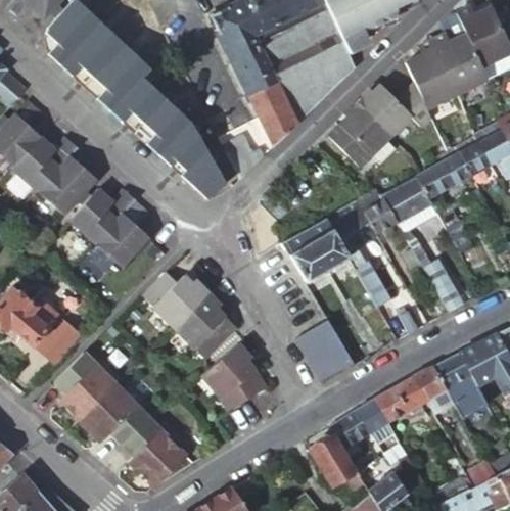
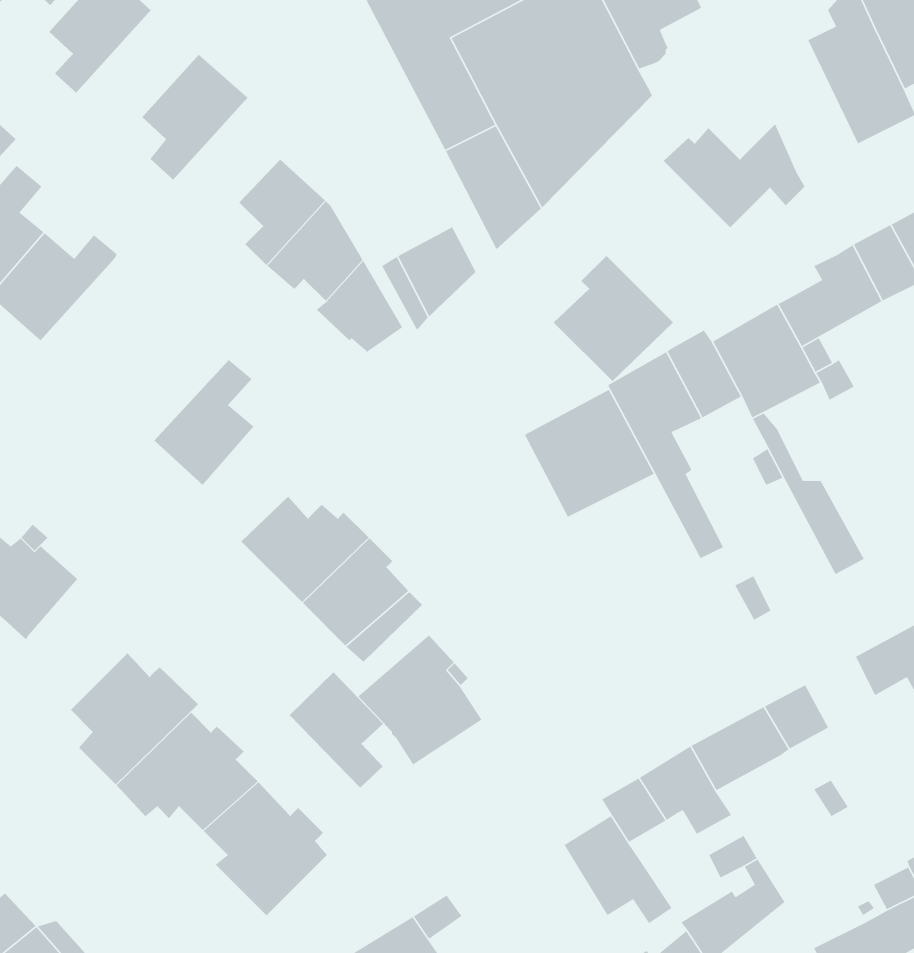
building: [57,21,121,77] -> none
building: [409,37,460,105] -> none
building: [107,76,163,121] -> none
building: [332,99,395,165] -> [553,255,674,382]
building: [39,149,97,215] -> none
building: [71,188,137,243] -> none
building: [33,315,81,364] -> none
building: [296,319,355,384] -> none
building: [433,355,480,408] -> none
building: none -> [289,672,384,788]

